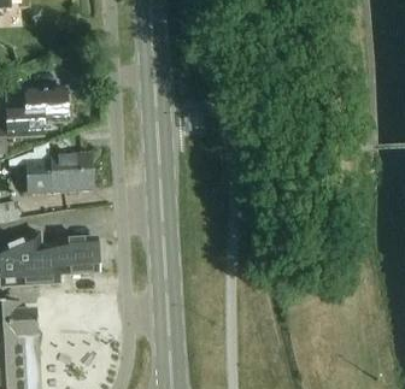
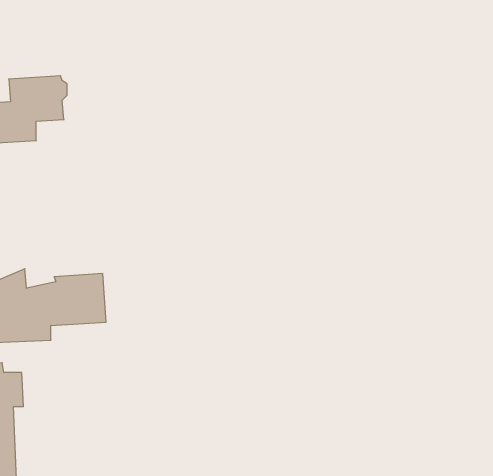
building: [24,151,92,191] -> none

